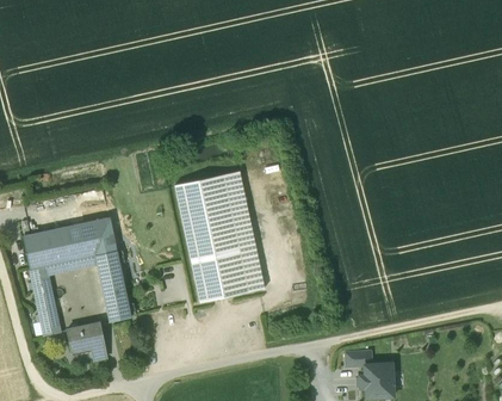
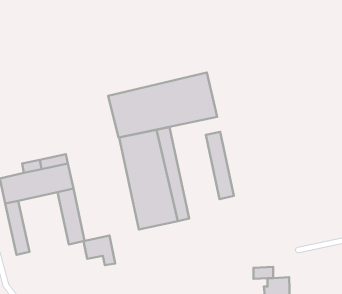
building: none -> [108,73,217,137]
building: none -> [206,132,234,199]
building: [67,322,107,360] -> [83,235,115,265]

